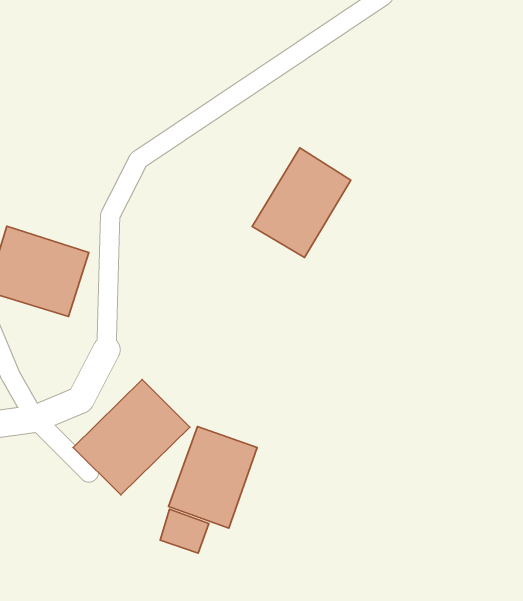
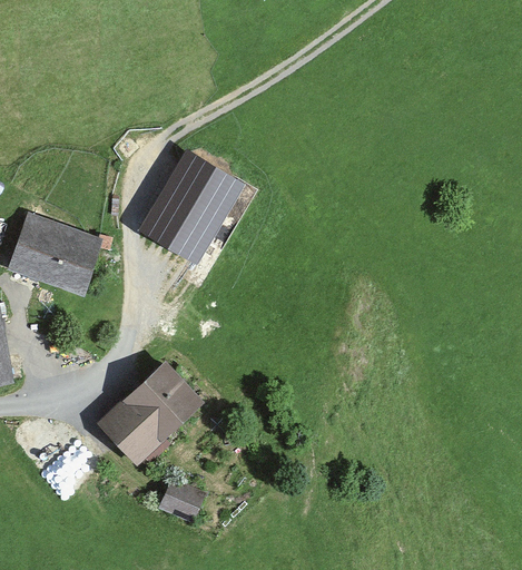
building: [252,148,351,257] -> [138,156,230,258]
building: [168,426,257,528] -> none

